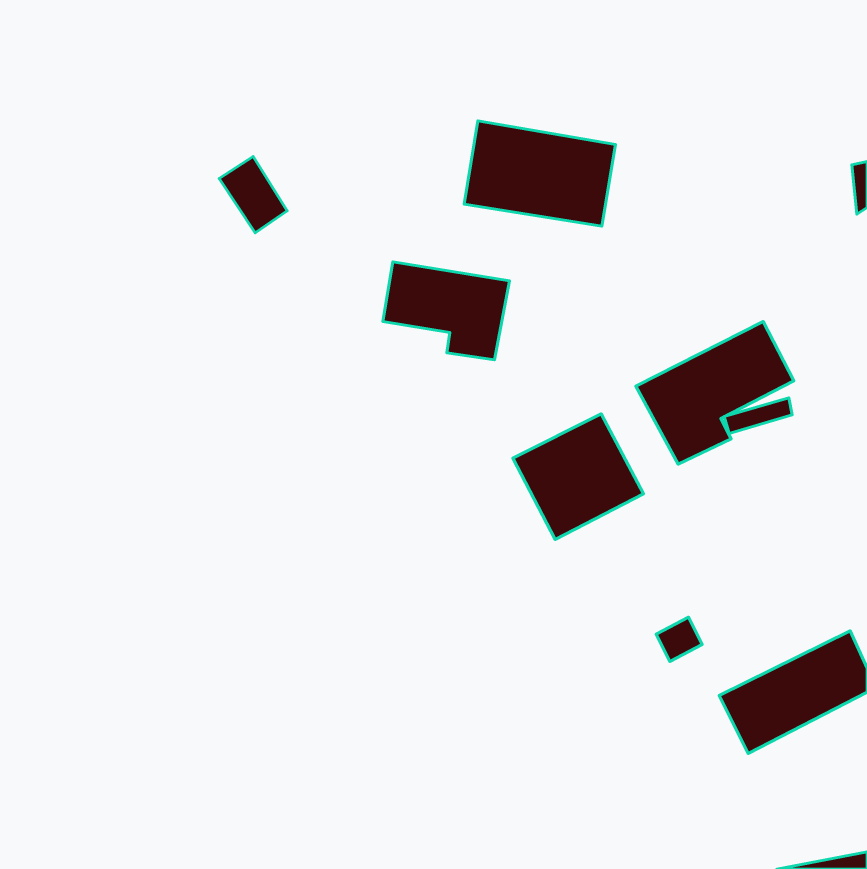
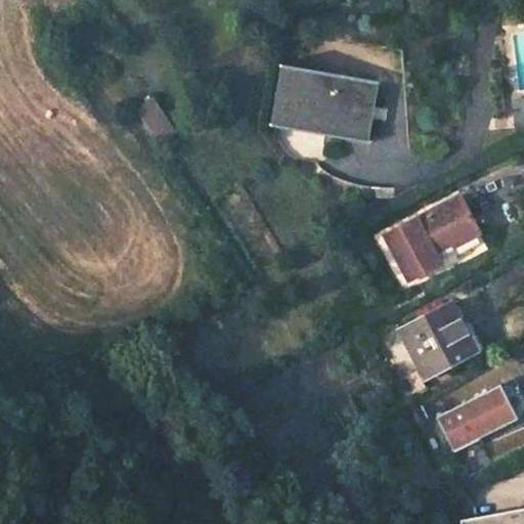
building: [383,262,510,360] -> none
building: [513,414,644,540] -> [398,303,477,379]

